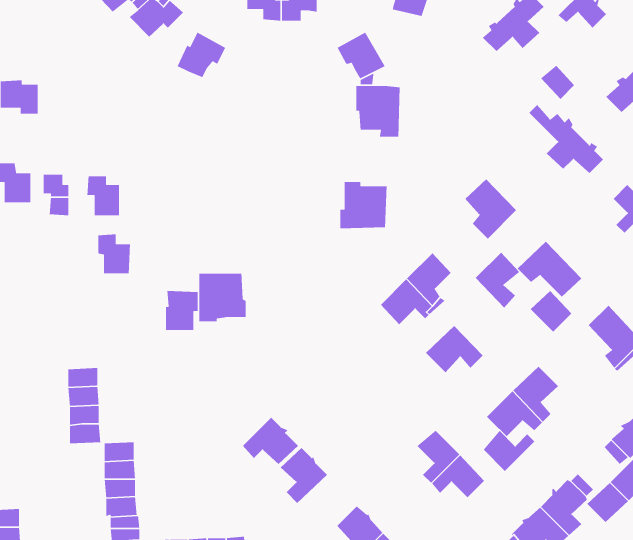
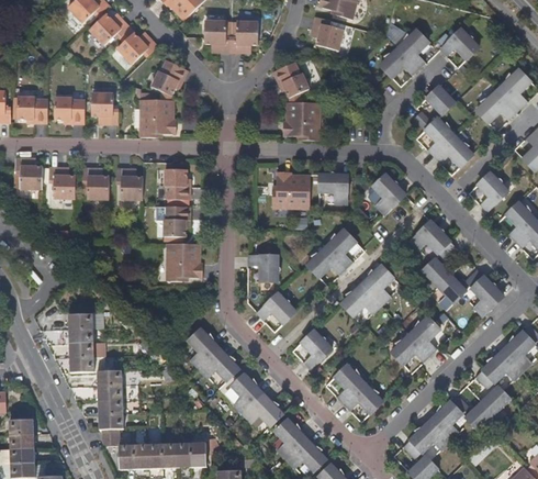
building: none -> [92,93,117,124]
building: none -> [54,98,85,124]
building: none -> [139,99,177,137]
building: none -> [165,169,191,200]
building: none -> [324,170,355,203]
building: [97,233,131,274] -> [117,169,143,200]
building: [475,252,520,309] -> [361,263,395,305]
building: none -> [248,253,279,282]
building: [165,290,198,331] -> [165,205,190,236]
building: none -> [436,274,468,307]
building: none -> [254,288,298,324]
building: none -> [300,327,335,370]
building: none -> [187,330,223,374]
building: [483,430,535,472] -> none
building: none -> [243,396,287,433]

